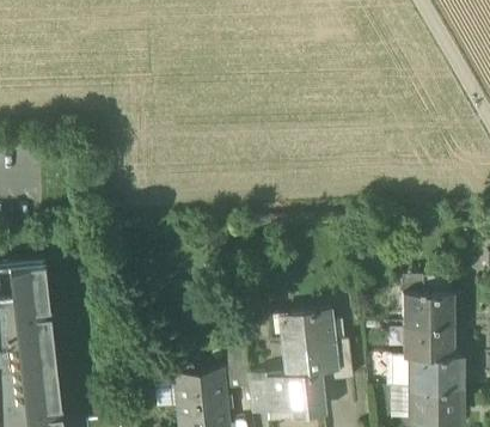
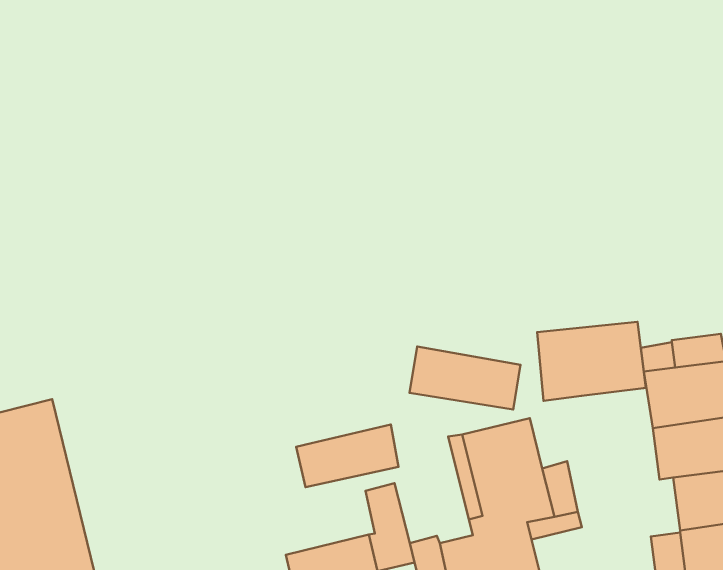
building: none -> [410,346,520,409]
building: none -> [537,322,646,401]
building: none -> [296,424,399,487]

